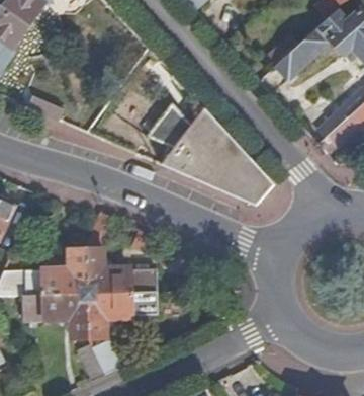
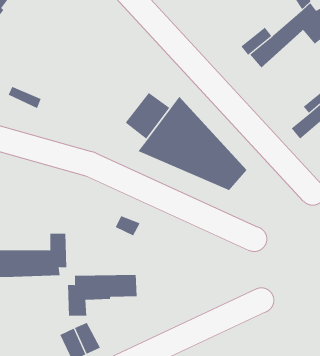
building: [86,212,158,293] -> none
building: [22,293,88,334] -> none

